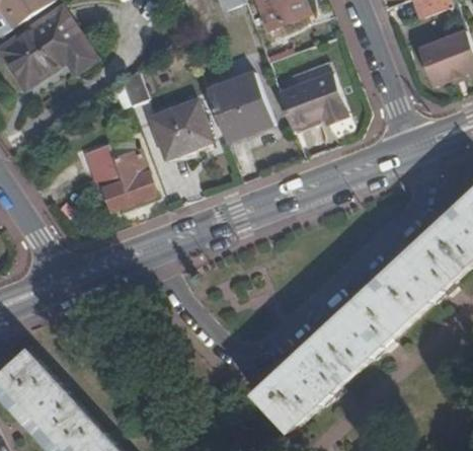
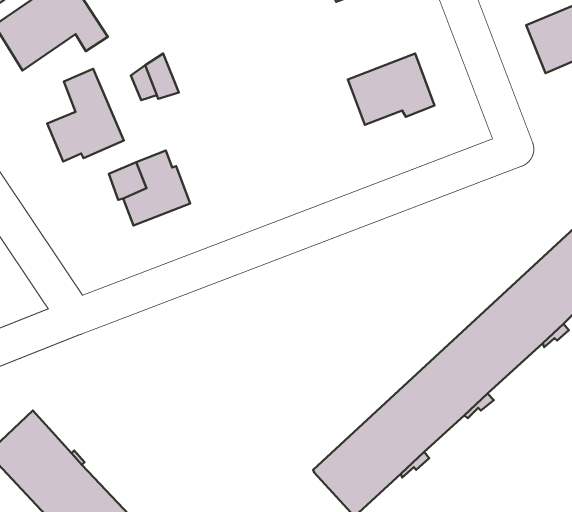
building: [205,71,271,142] -> none
building: none -> [47,69,124,161]
building: [151,101,211,156] -> none

